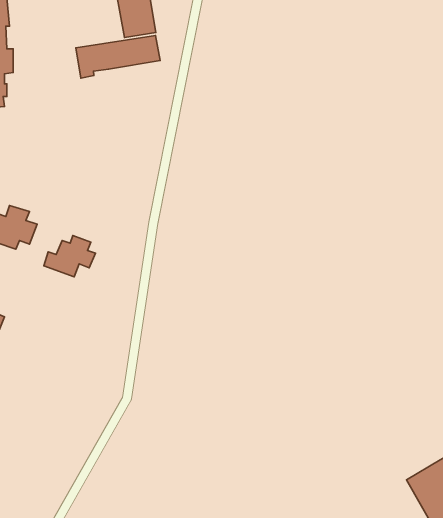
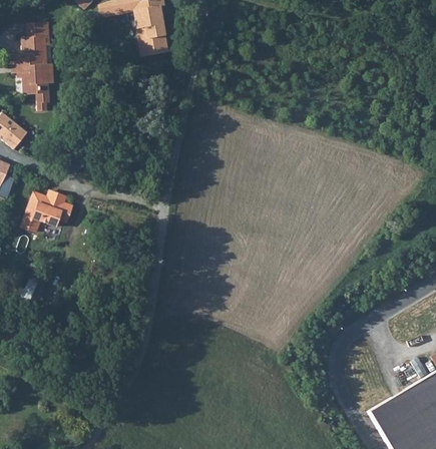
building: [76,36,160,78] -> none
building: [44,235,96,277] -> none

